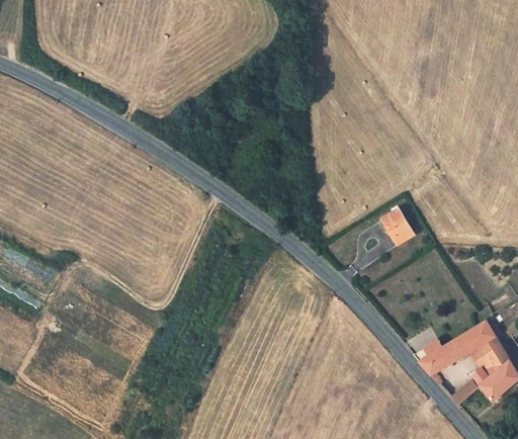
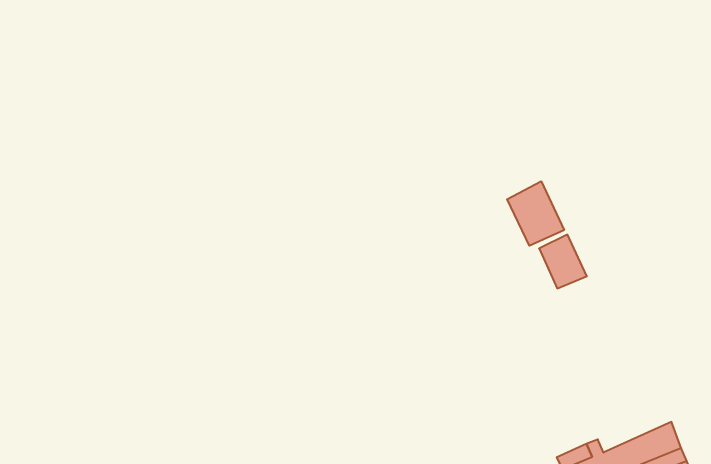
building: none -> [507,181,564,246]

